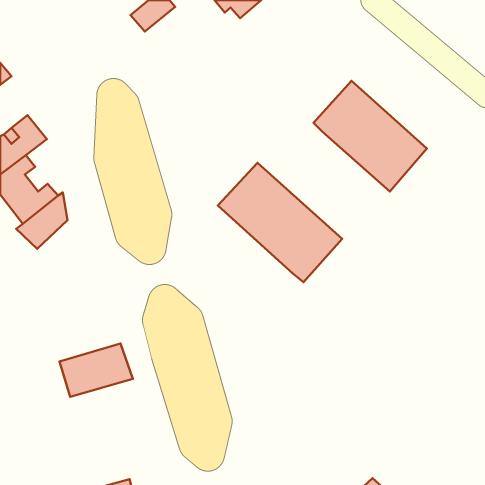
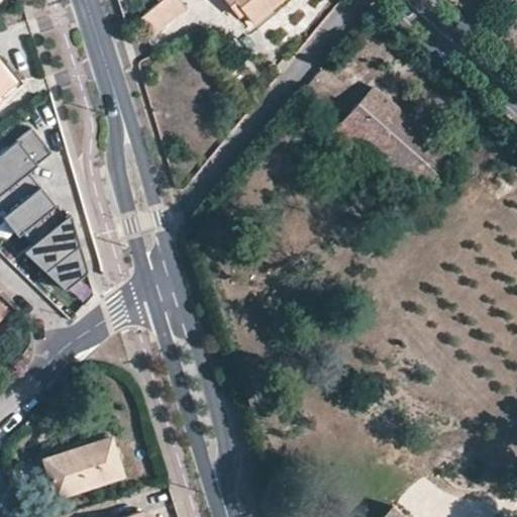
building: [218,163,342,282] -> none
building: none -> [41,235,80,283]
building: [60,344,133,397] -> [42,437,120,494]

